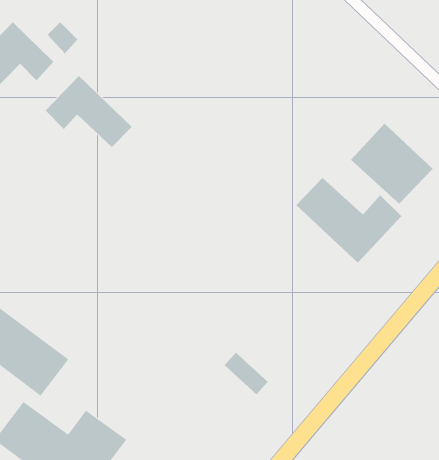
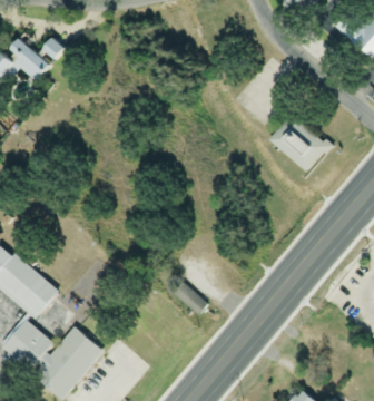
building: [45,75,133,148] -> none
building: [295,177,402,263] -> none

